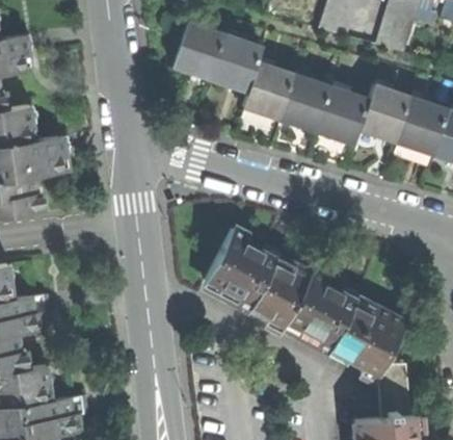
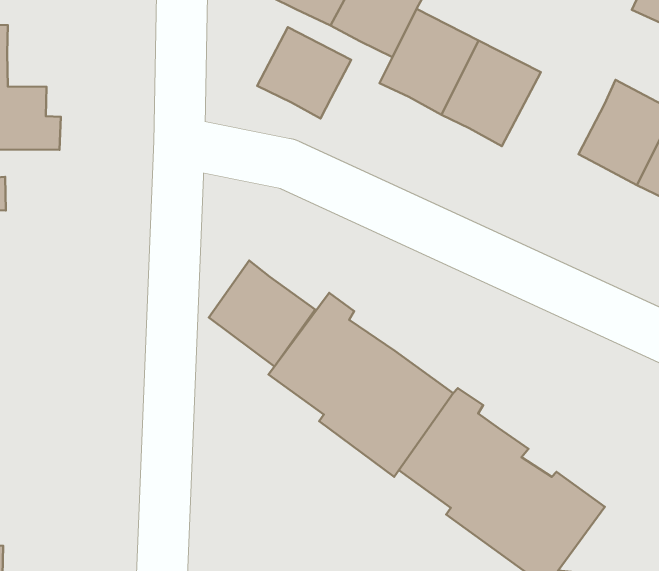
building: none -> [257,27,351,119]
building: [316,86,370,144] -> none
building: none -> [209,260,315,366]

